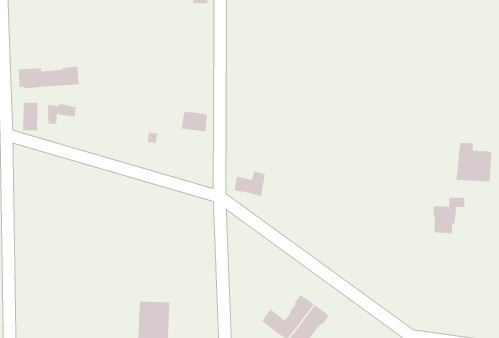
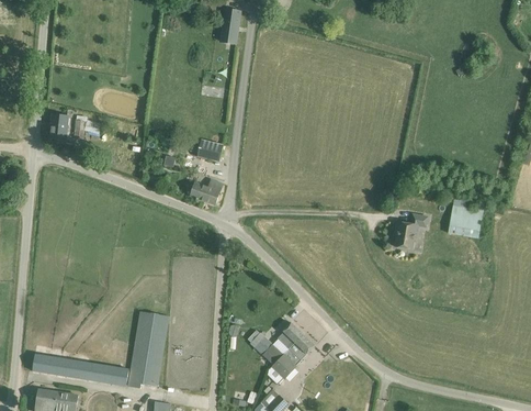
building: [18,66,79,89] -> none
building: [233,170,266,197] -> [190,179,222,204]
building: [433,197,465,234] -> [394,214,427,249]

